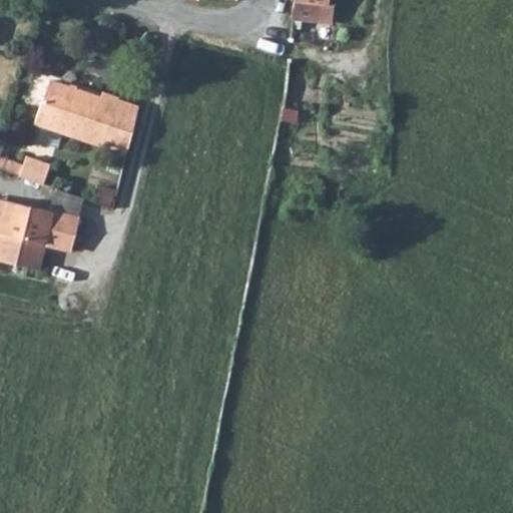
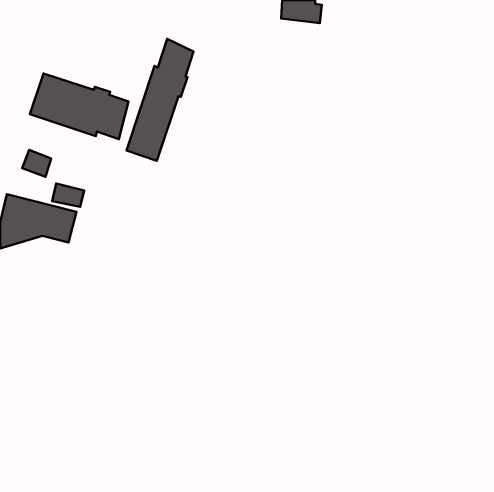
building: none -> [126,39,194,161]

